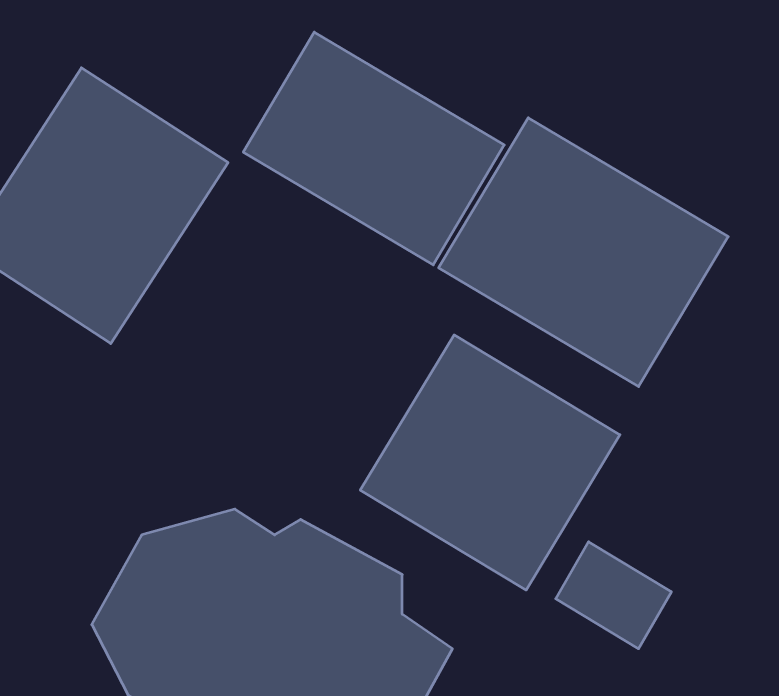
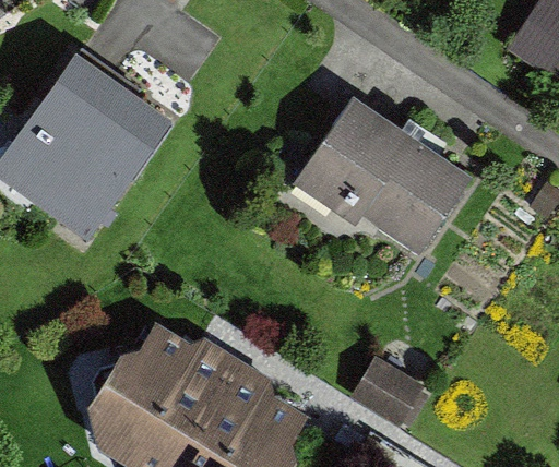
building: [243,32,504,265] -> none
building: [360,335,620,590] -> none

